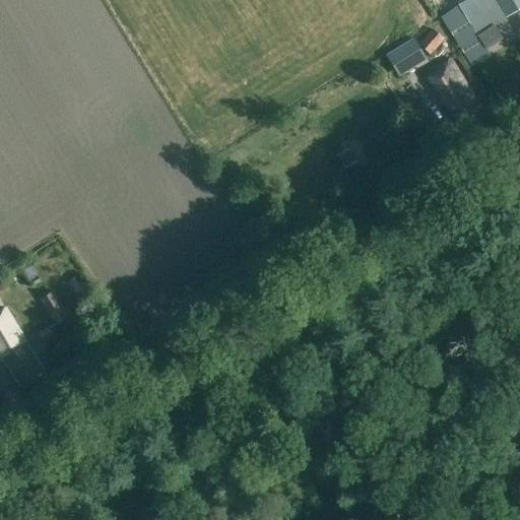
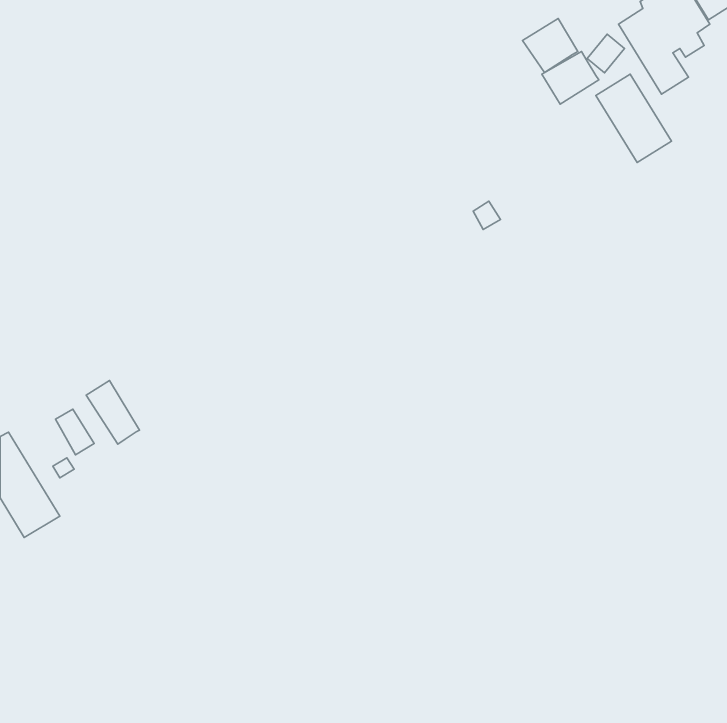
building: none -> [523,19,578,73]
building: none -> [86,381,140,444]

